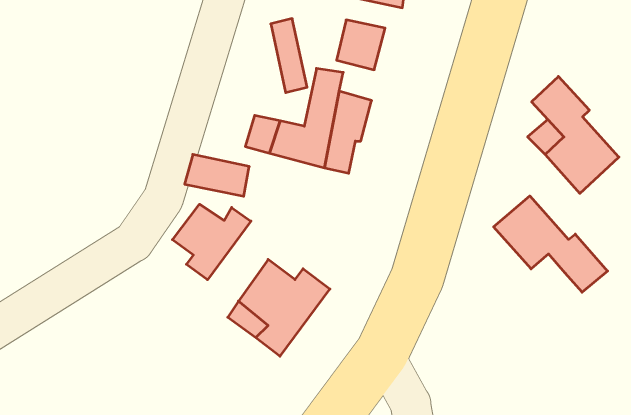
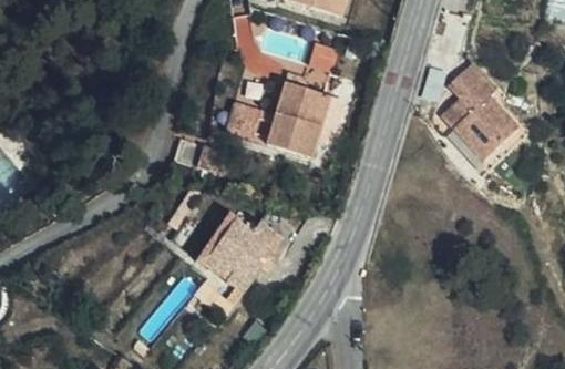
building: [494,196,608,292] -> none
building: [172,204,251,280] -> none

